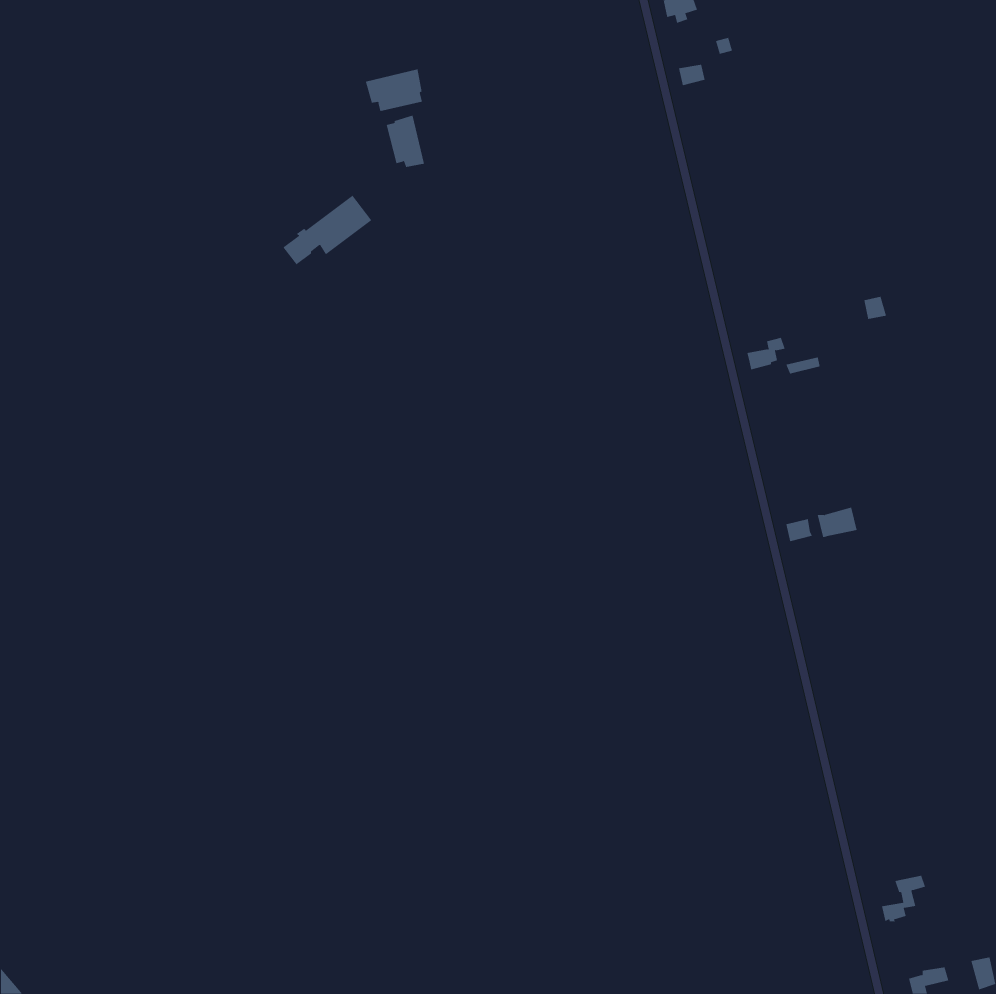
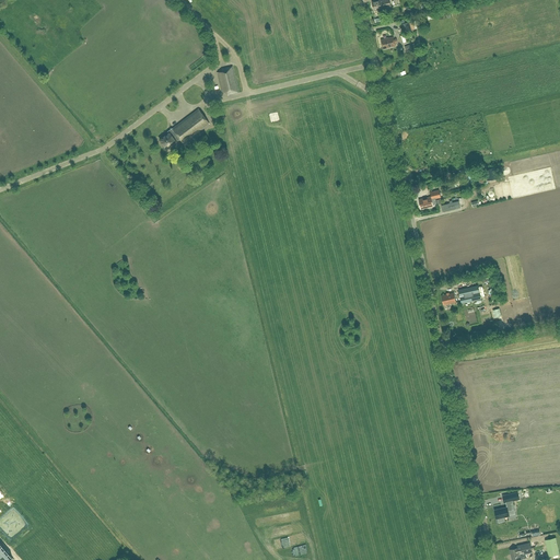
building: [365,69,422,112] -> none

